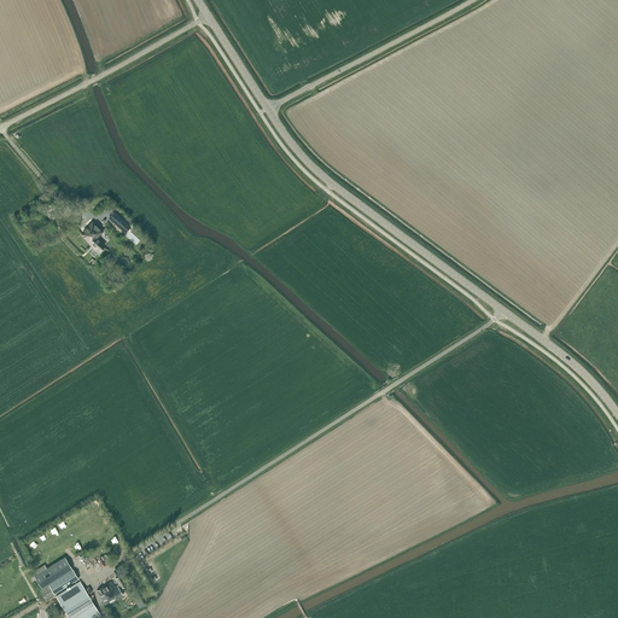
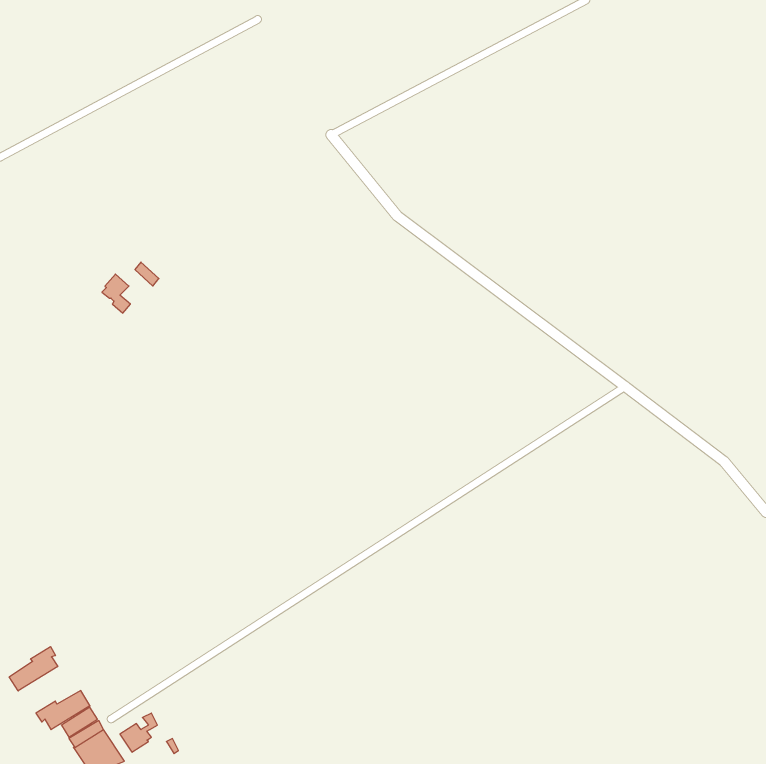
building: none -> [9,647,58,691]

